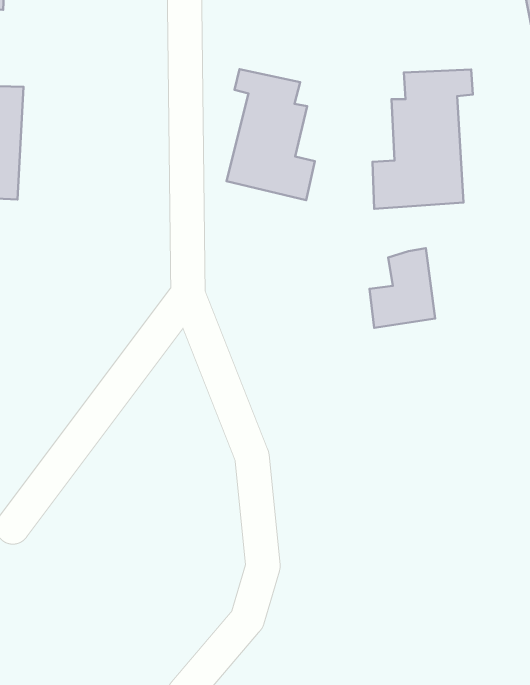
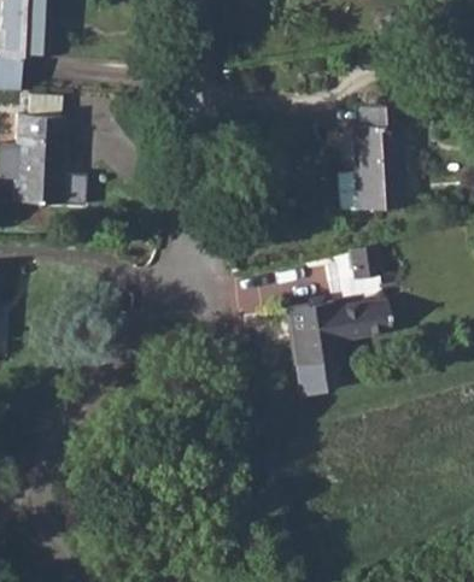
building: [226,69,315,200] -> none
building: none -> [287,302,378,382]

